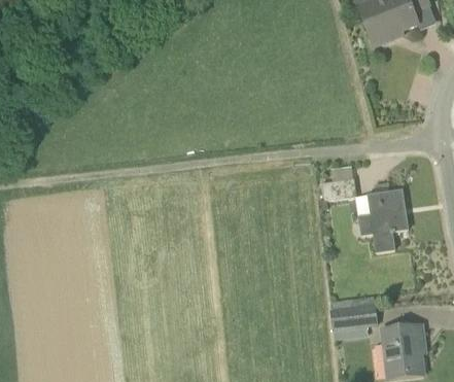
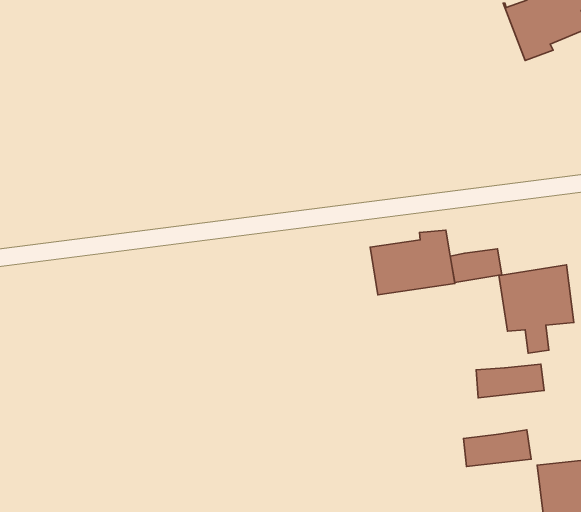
building: none -> [370,230,455,295]
building: none -> [476,364,544,398]

